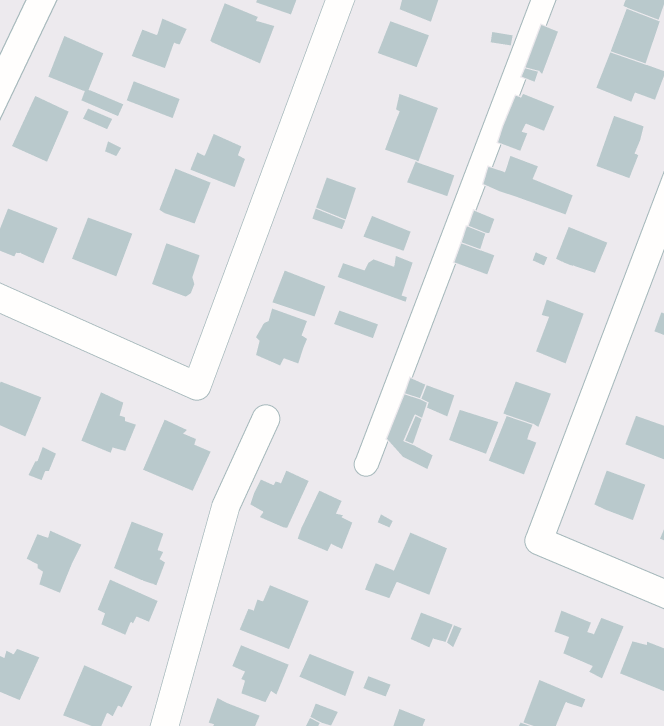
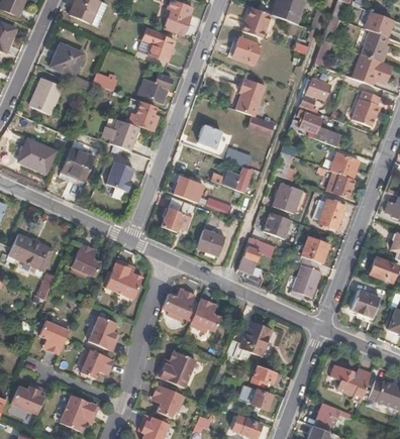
building: [131,18,187,69] -> [142,73,174,101]
building: none -> [329,172,355,197]
building: none -> [274,183,303,214]
building: none -> [199,227,226,254]
building: [448,409,499,455] -> [265,212,293,237]
building: [298,653,355,697] -> [239,386,271,410]

